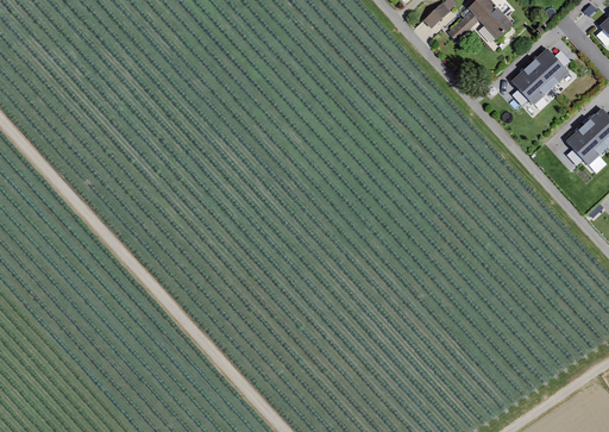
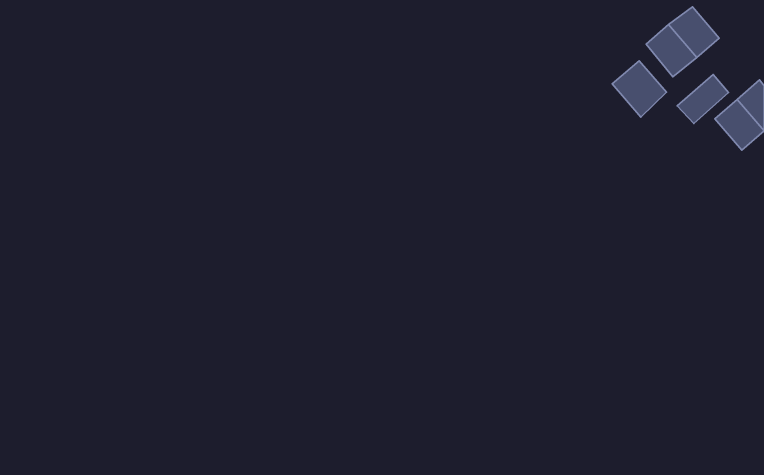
building: none -> [612,61,667,117]
building: none -> [677,75,729,124]

